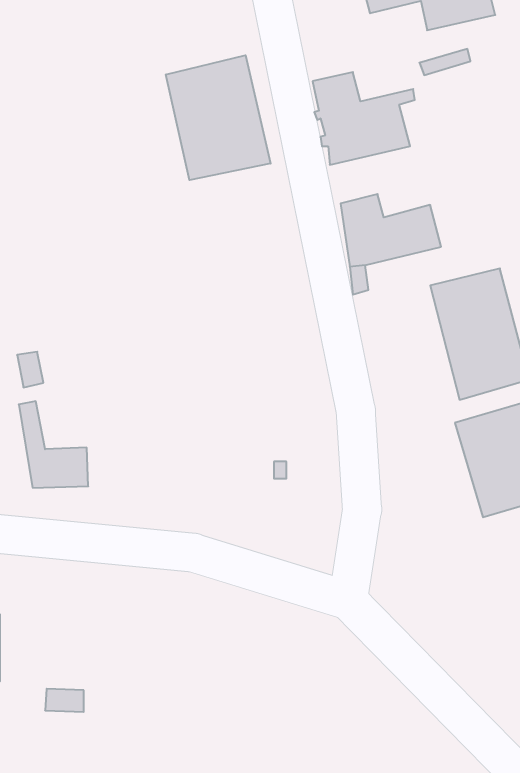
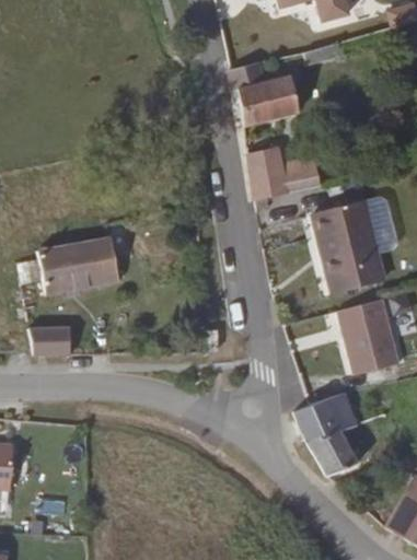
building: [166,55,271,180] -> none
building: none -> [38,238,119,293]
building: none -> [297,392,367,476]

